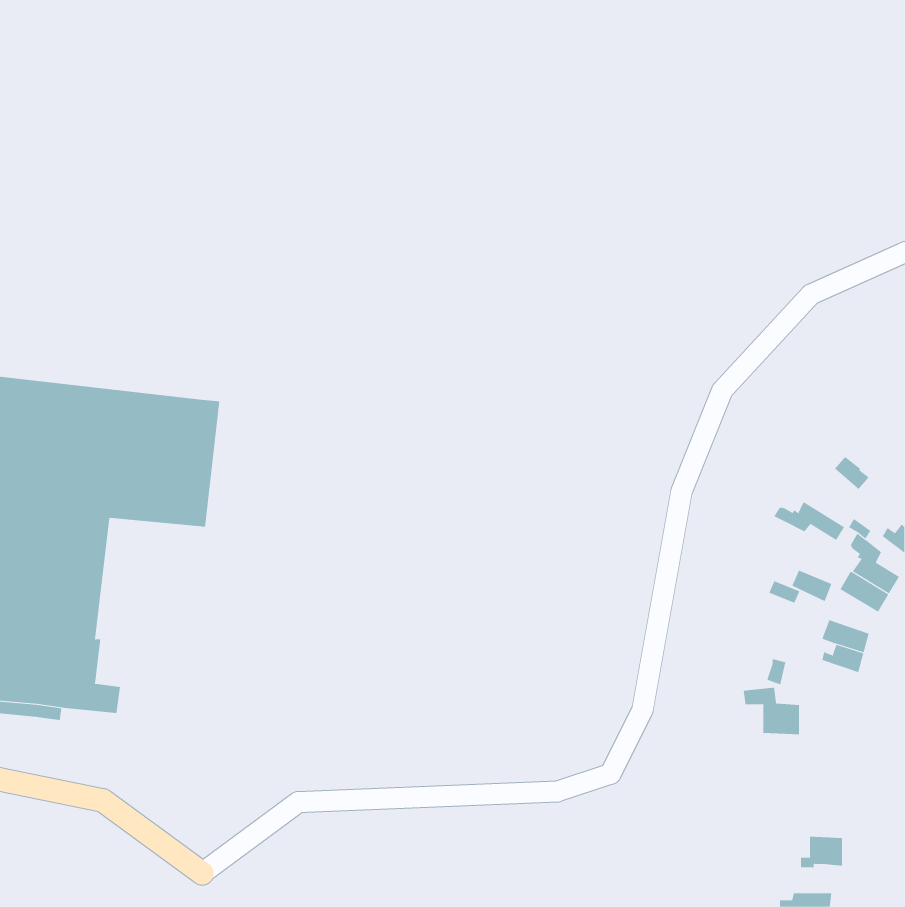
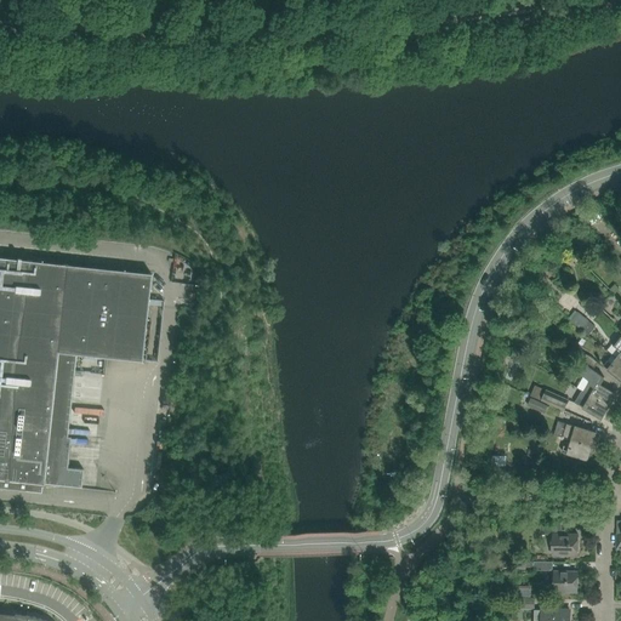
building: [773,501,845,541] -> none
building: [743,687,800,735] -> [539,523,577,556]

